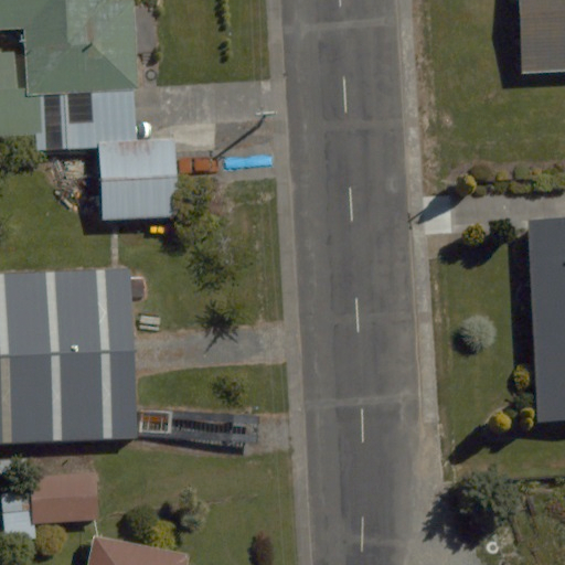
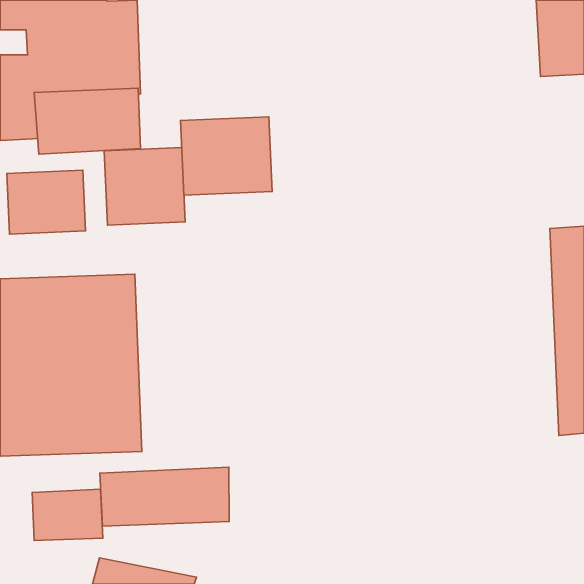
building: none -> [181,117,272,195]
building: none -> [7,170,86,234]
building: none -> [100,467,229,526]

